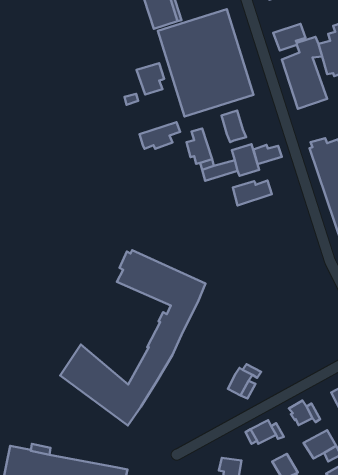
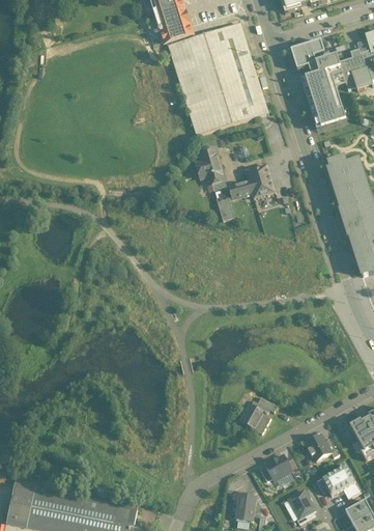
building: [136,63,164,95] -> none
building: [221,111,246,142] -> none
building: [140,122,180,149] -> none
building: [253,145,282,164] -> none
building: [233,181,272,205] -> none
building: [60,250,206,425] -> none

